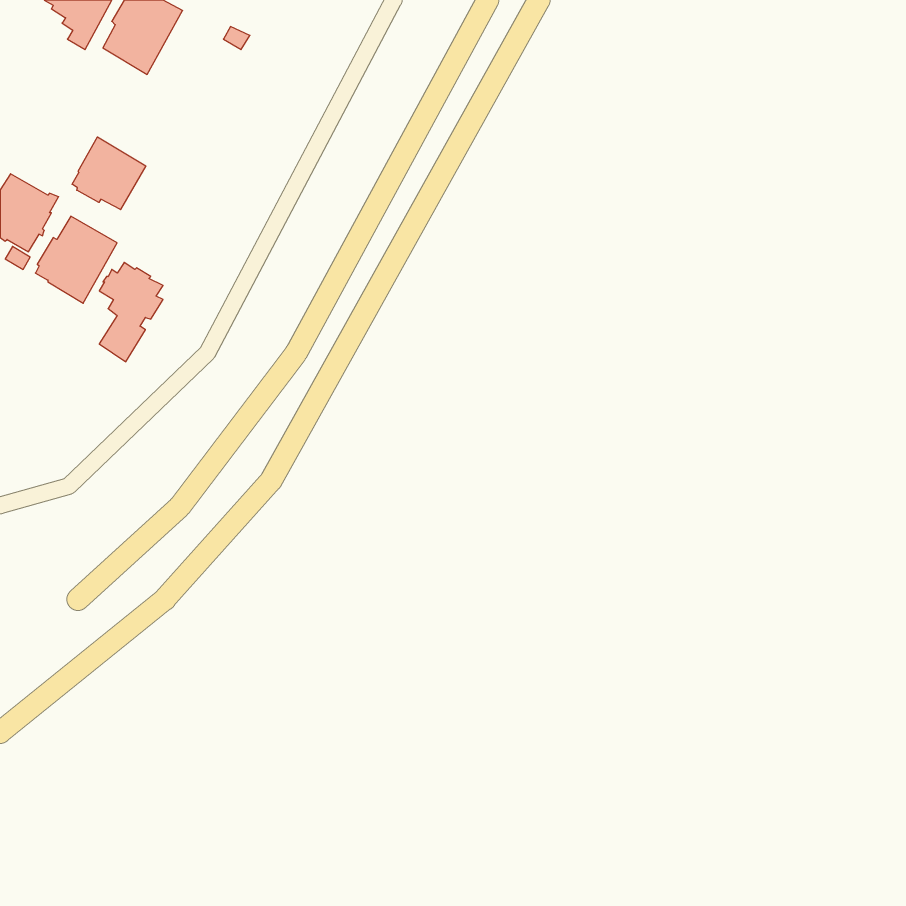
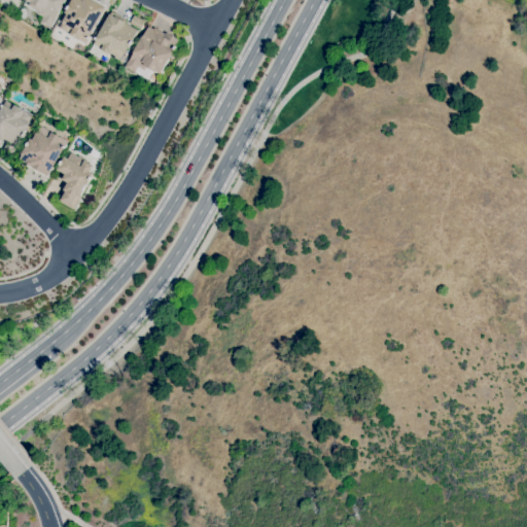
building: none -> [94,11,138,60]
building: none -> [124,26,180,73]
building: [72,137,146,210] -> none

